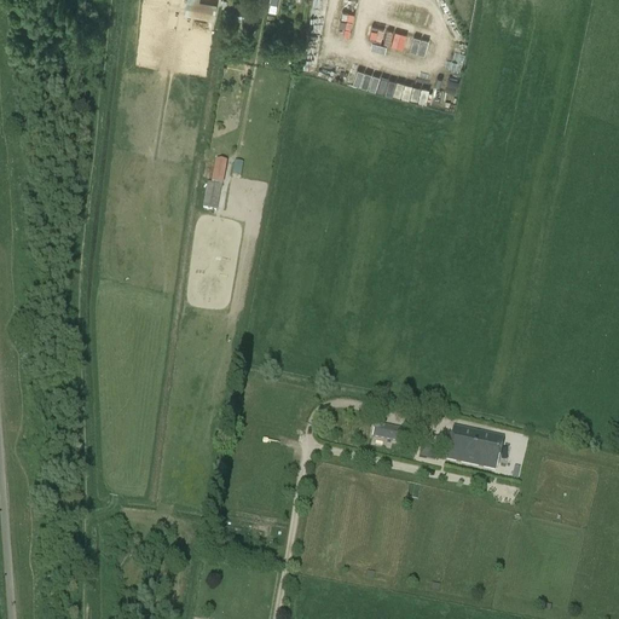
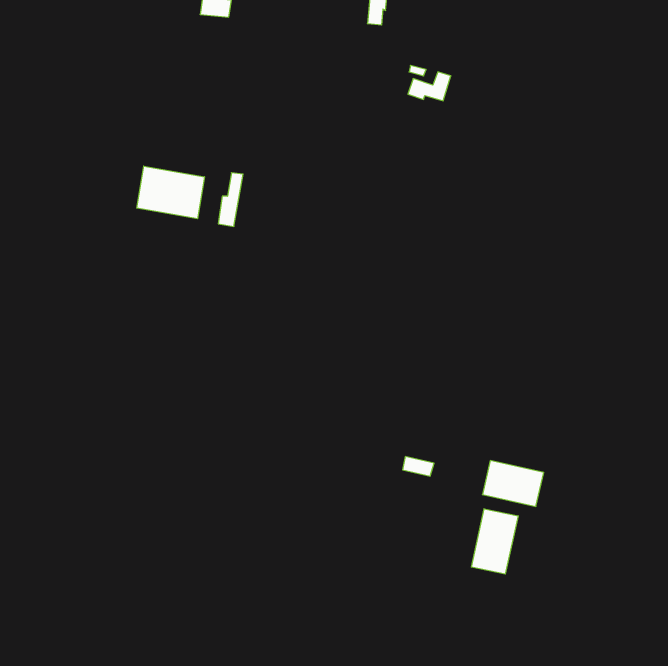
building: none -> [137,166,204,219]
building: none -> [471,509,518,574]

